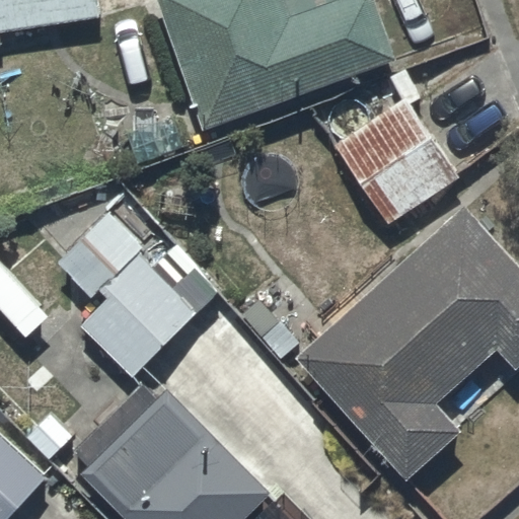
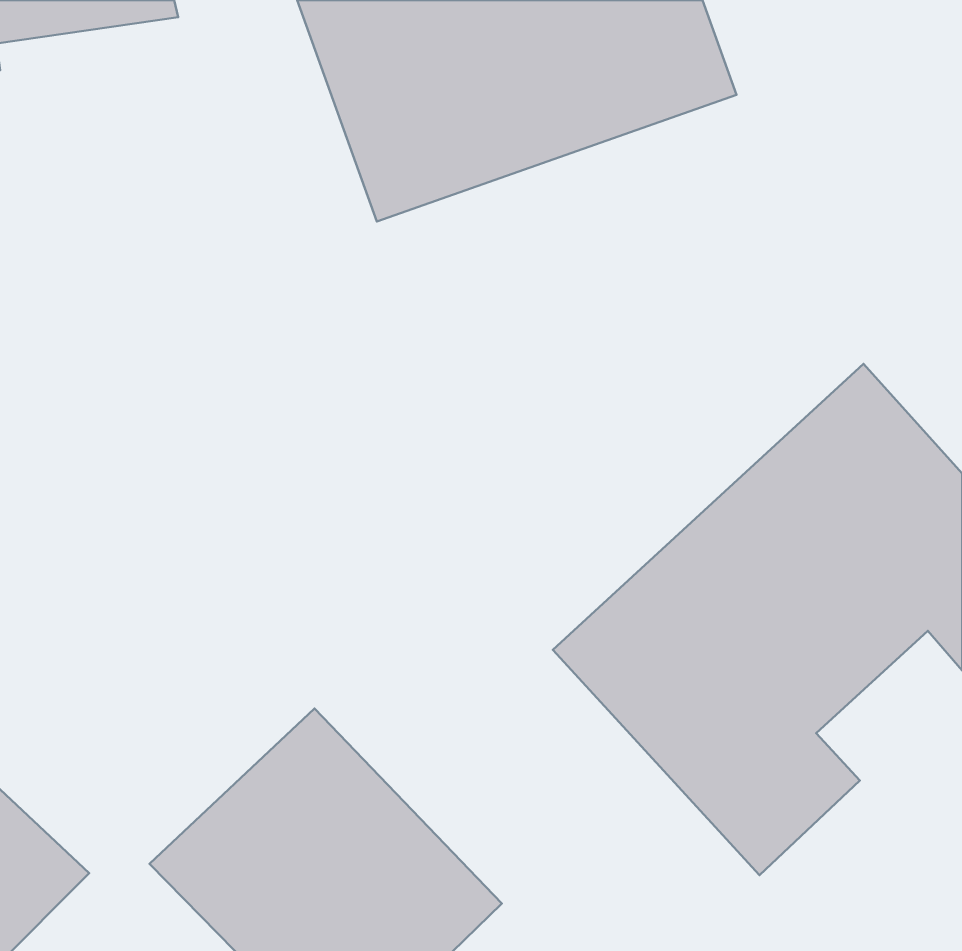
building: [333,96,457,224] -> none
building: [57,214,238,379] -> none

